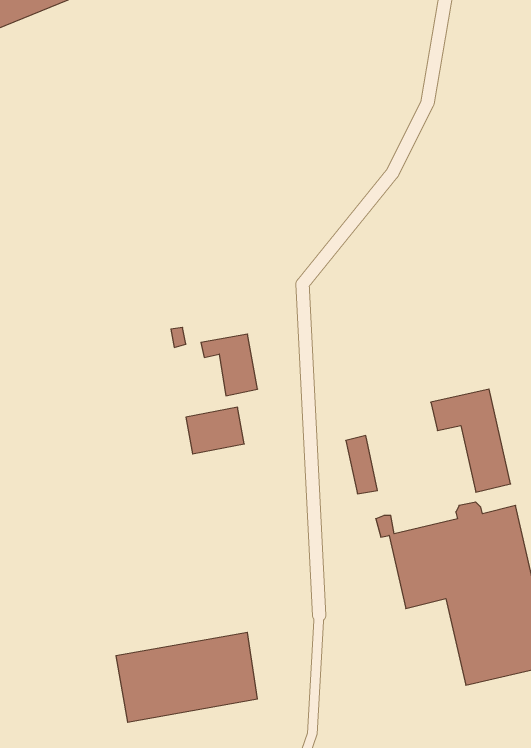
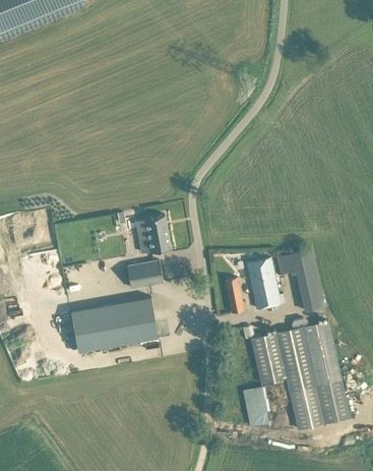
building: none -> [247,258,286,309]
building: none -> [243,386,269,426]
building: [116,632,257,722] -> [71,297,158,352]

